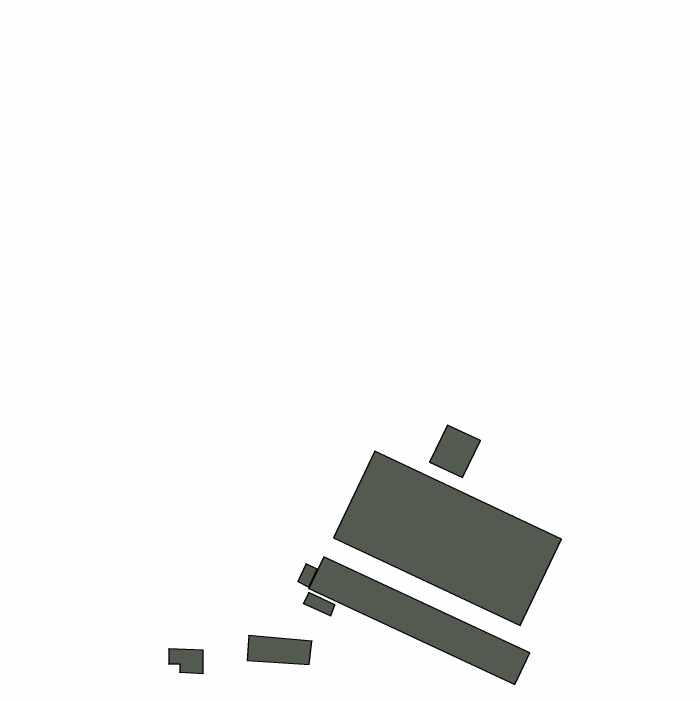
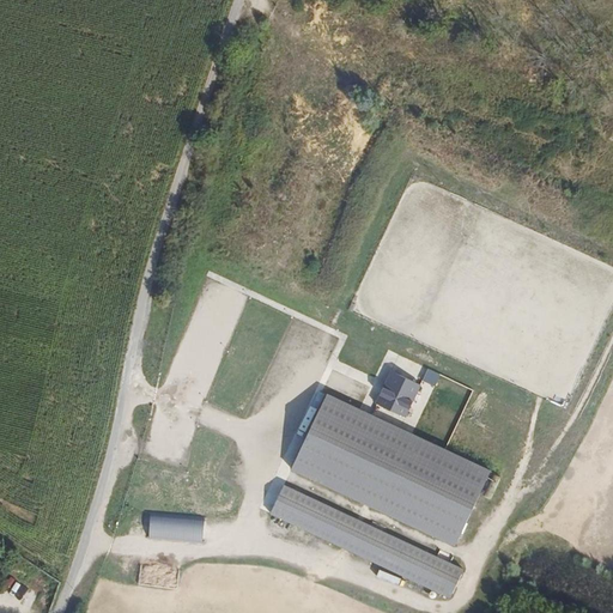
building: [247,636,312,664] -> [147,515,204,540]

